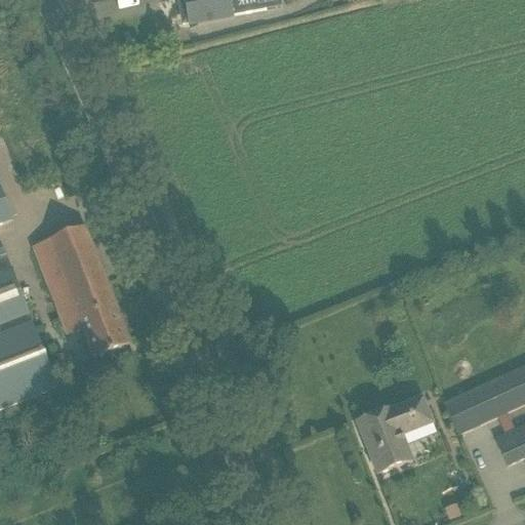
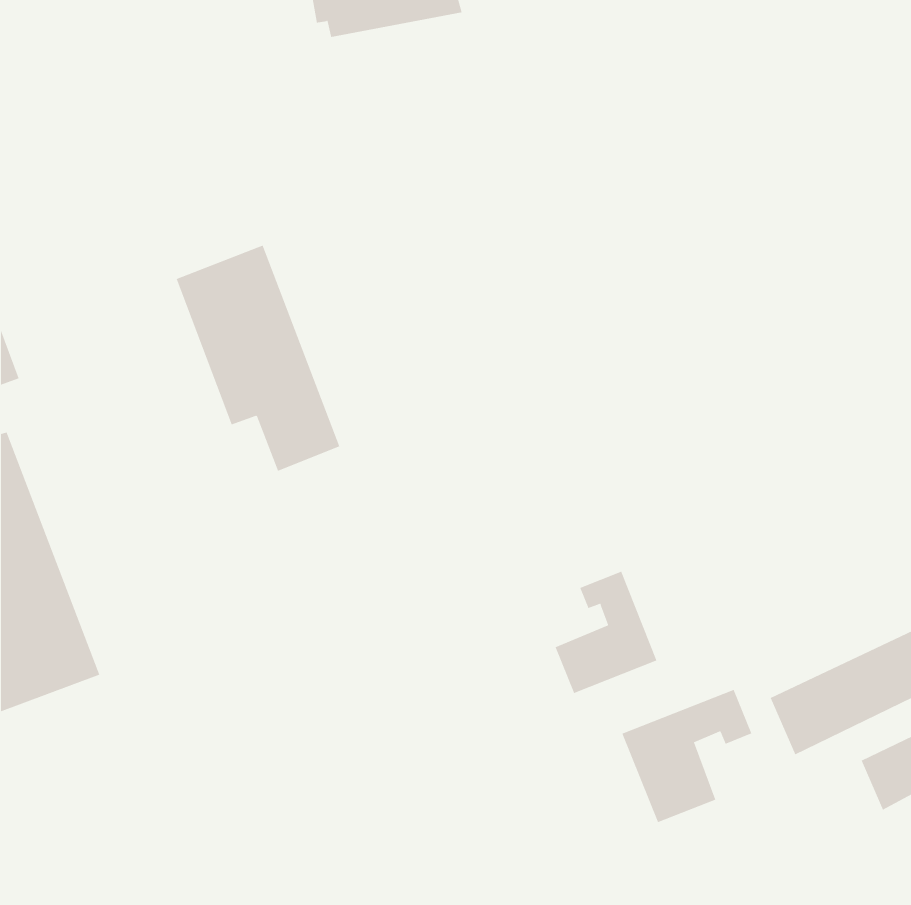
building: [35,227,129,357] -> [176,245,340,472]
building: none -> [555,571,657,694]

